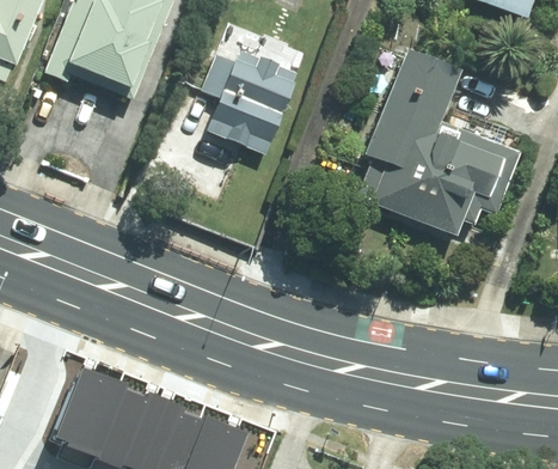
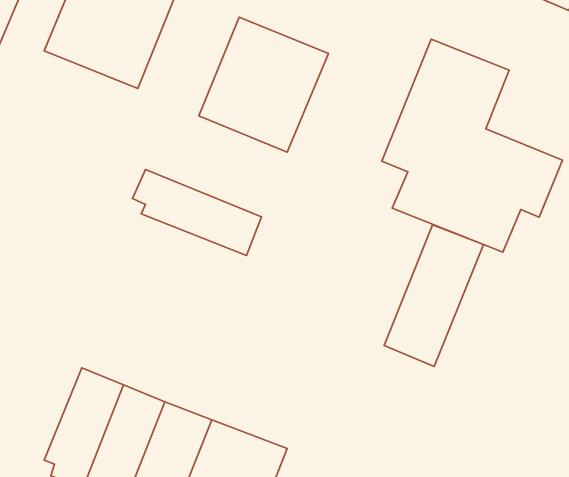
building: none -> [133,170,262,255]
building: none -> [384,225,483,367]

